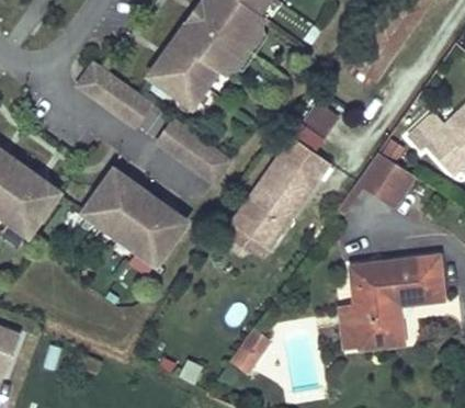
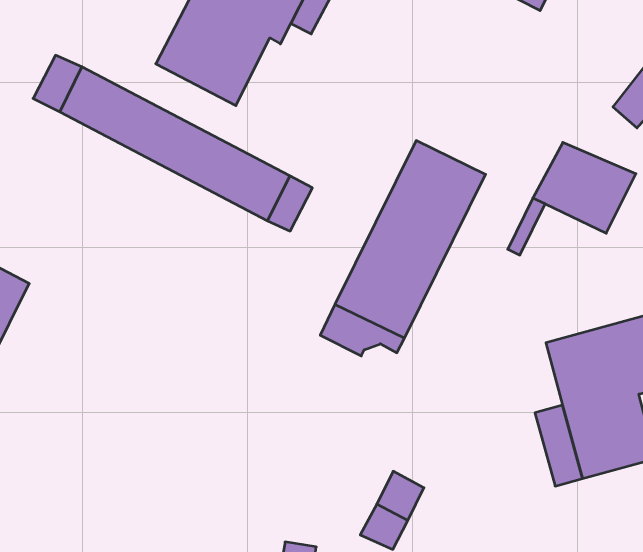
building: [293,102,338,151] -> none
building: [83,168,185,262] -> none

